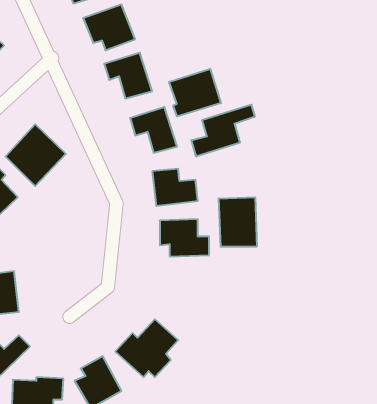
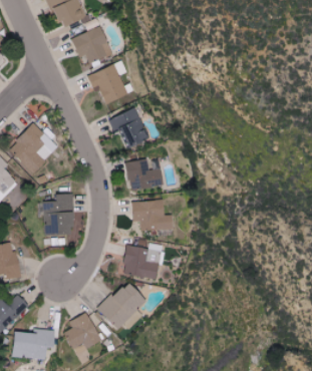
building: [169,69,221,116] -> none
building: [191,105,255,157] -> none
building: [219,197,257,247] -> none
building: none -> [42,193,73,235]
building: none -> [122,243,163,280]

